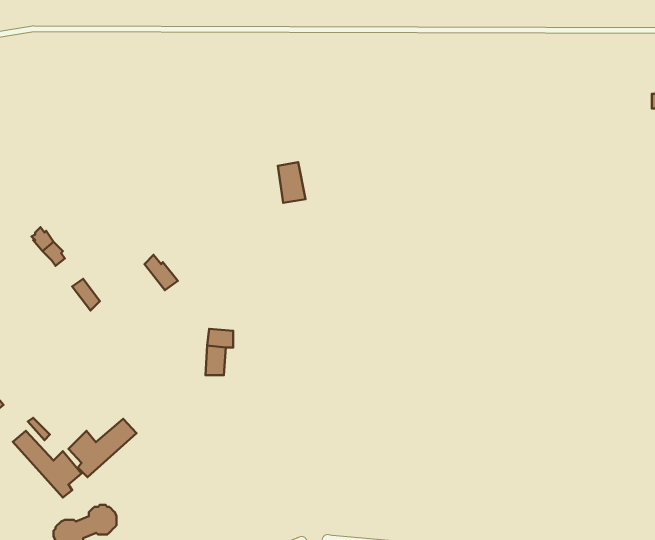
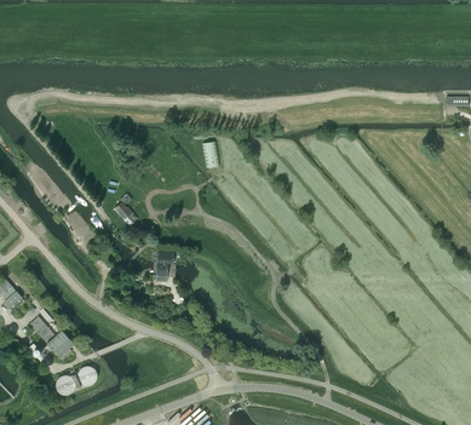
building: [68,419,136,477] -> none

